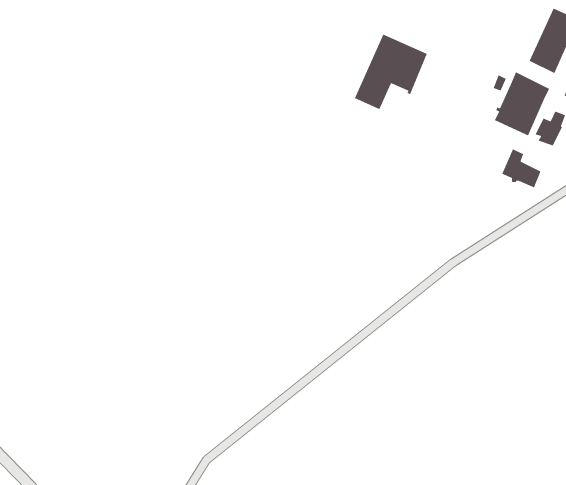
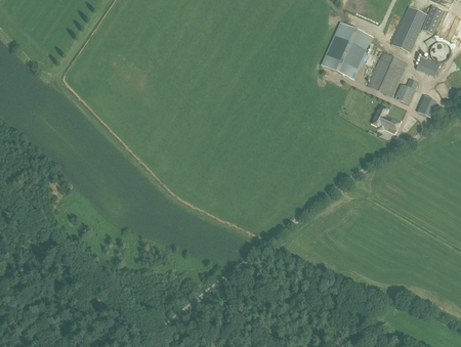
building: [354,33,428,110] -> [321,19,373,74]

